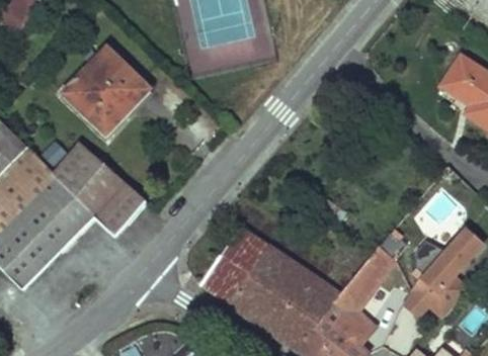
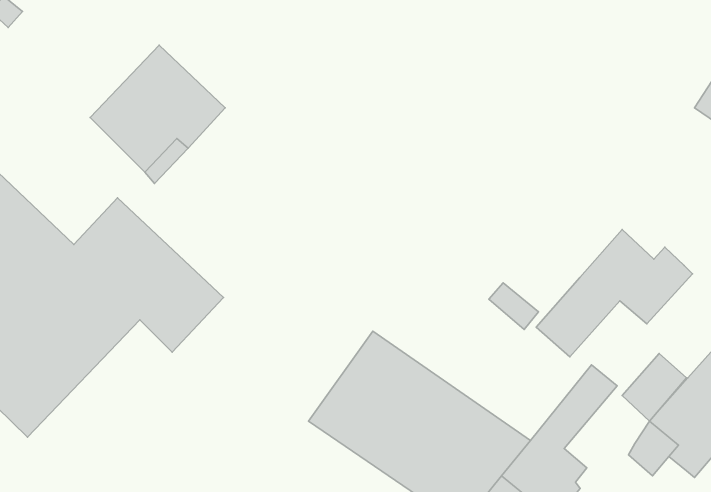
building: none -> [536,230,693,357]

